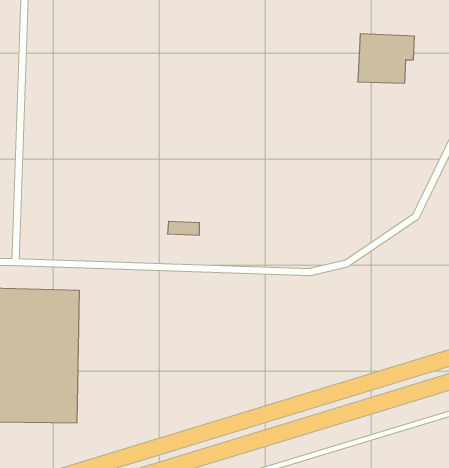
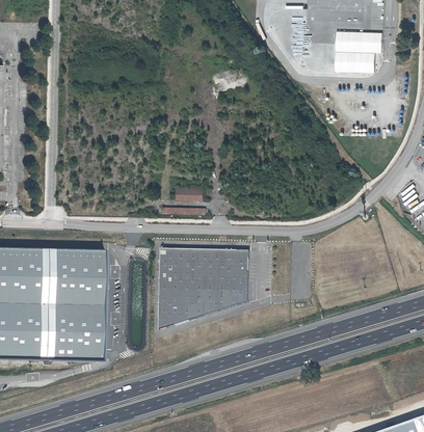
building: none -> [159,248,249,329]

